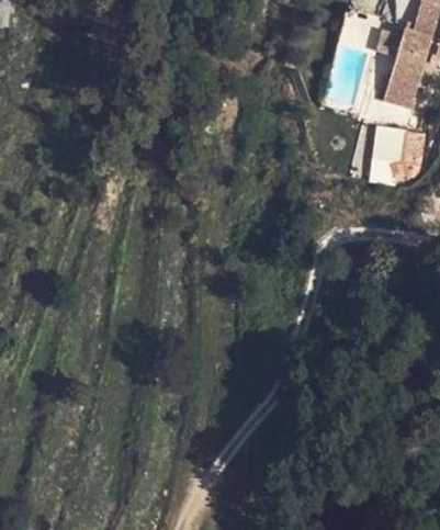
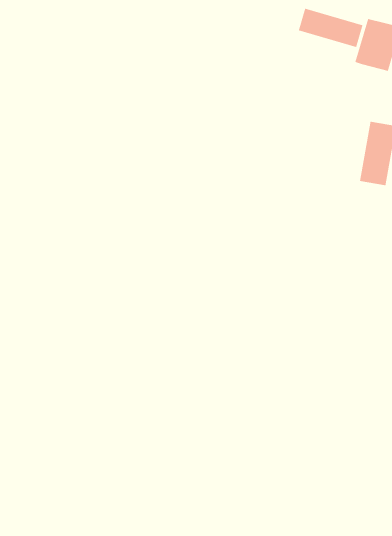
building: none -> [298,8,363,48]

